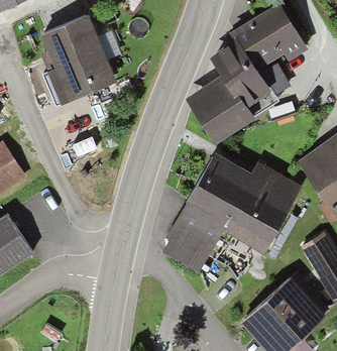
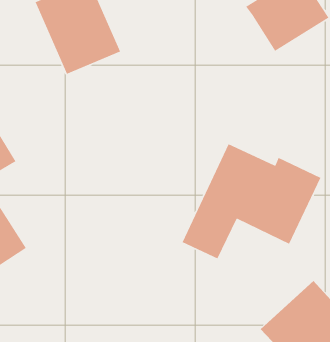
building: [189,46,263,143] -> none

